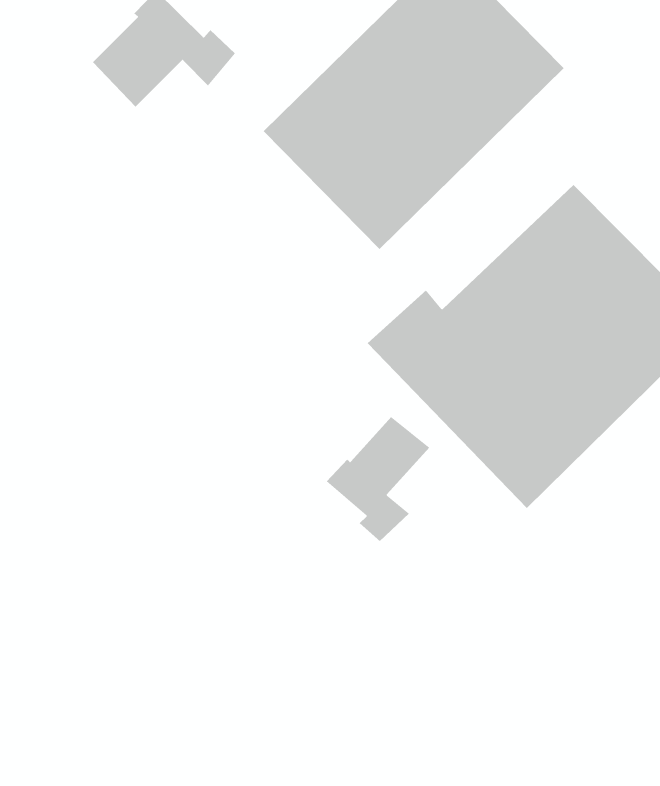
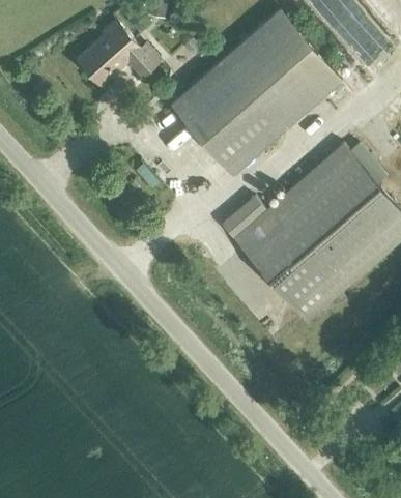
building: [326,416,430,542] -> none

